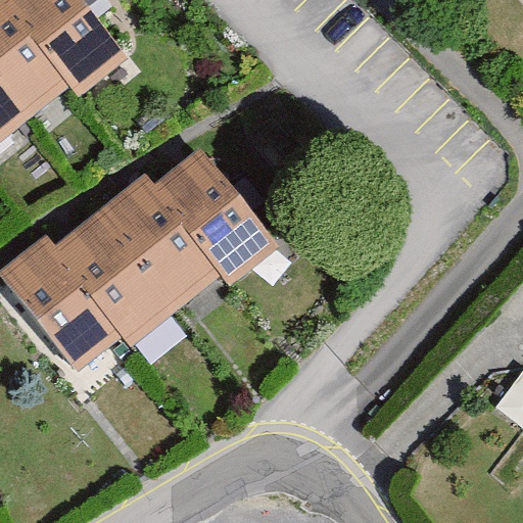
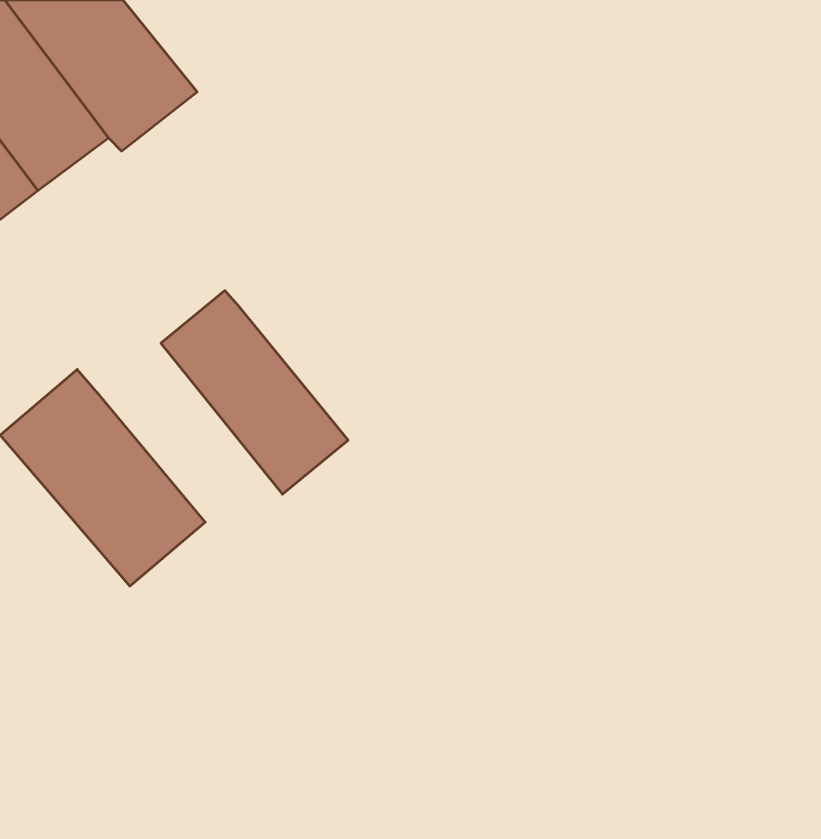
building: [148,149,278,288] -> none
building: [61,213,176,338] -> none

